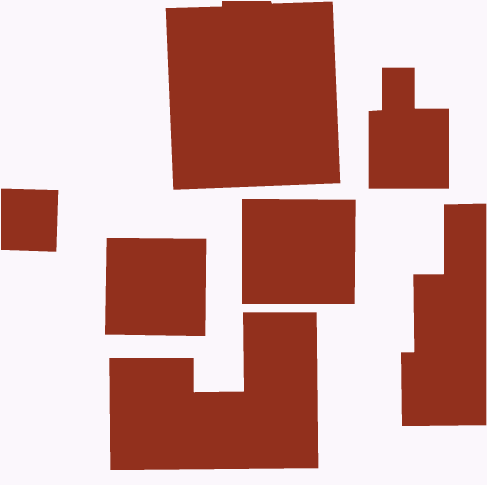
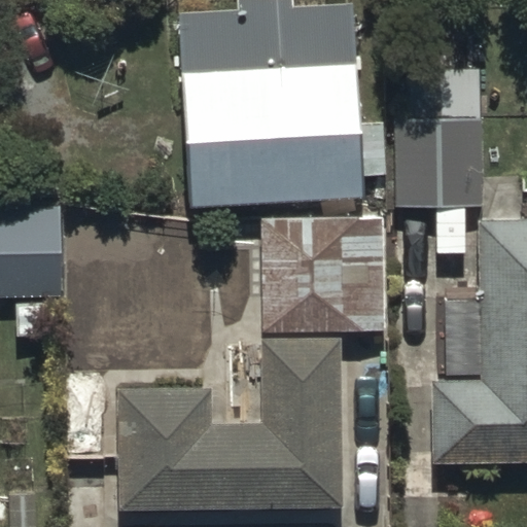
building: [104,237,207,337] -> none

